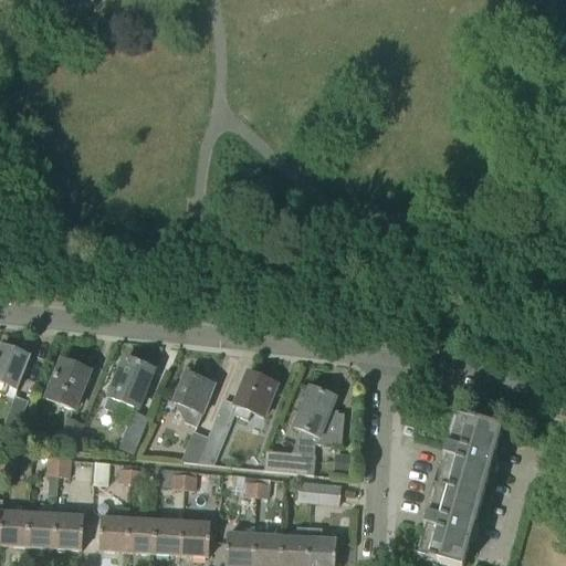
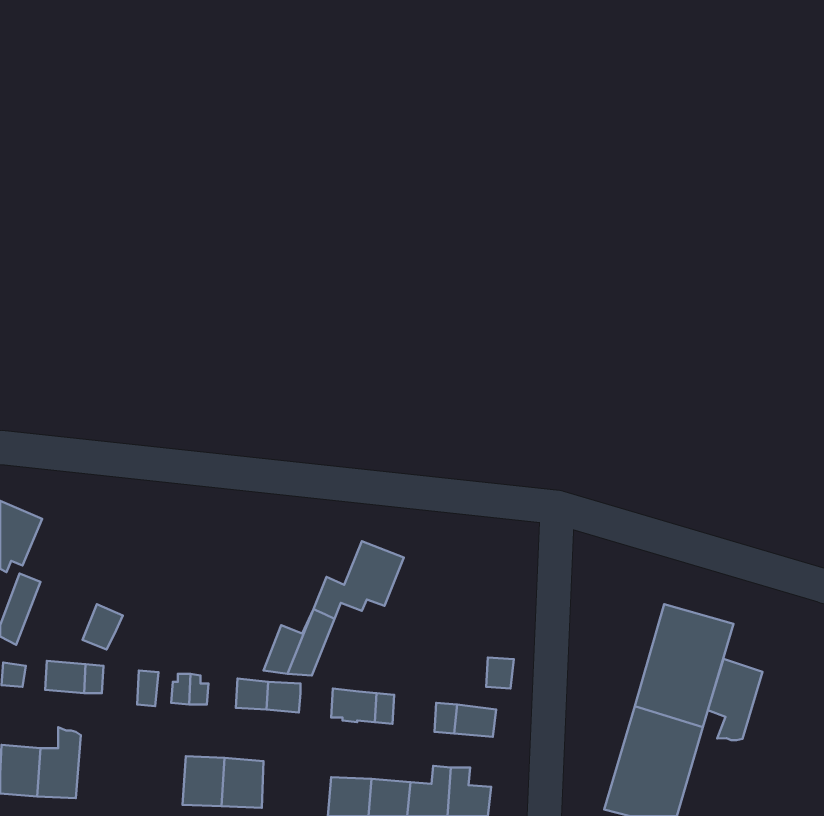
building: [105,357,154,452] -> none
building: [46,358,91,407] -> none
building: [169,373,214,424] -> none
building: [264,386,347,473] -> none
building: none -> [708,659,762,740]
building: [53,503,83,548] -> none
building: [98,516,128,551] -> none
building: [180,521,209,554] -> none

